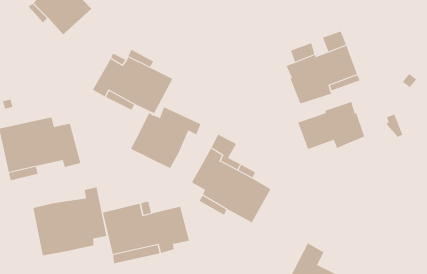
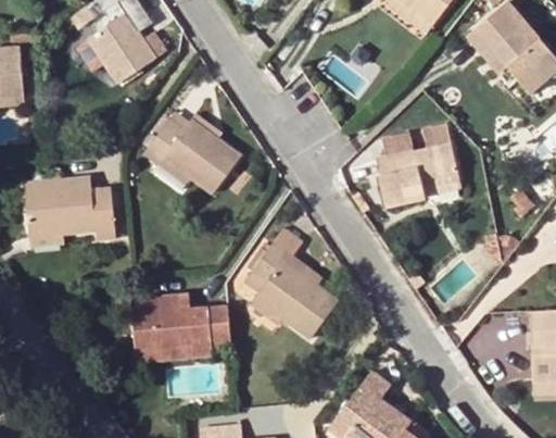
building: [298,101,365,150] -> none
building: [130,106,201,169] -> none
building: [33,187,107,256] -> none

